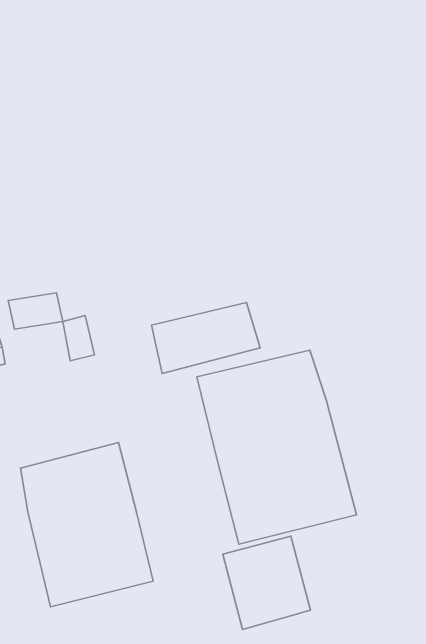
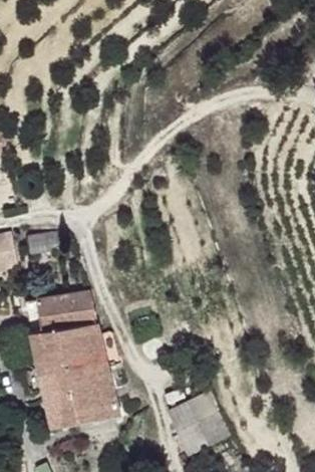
building: [152,303,260,373] -> [27,300,99,347]
building: [197,350,356,544] -> none

